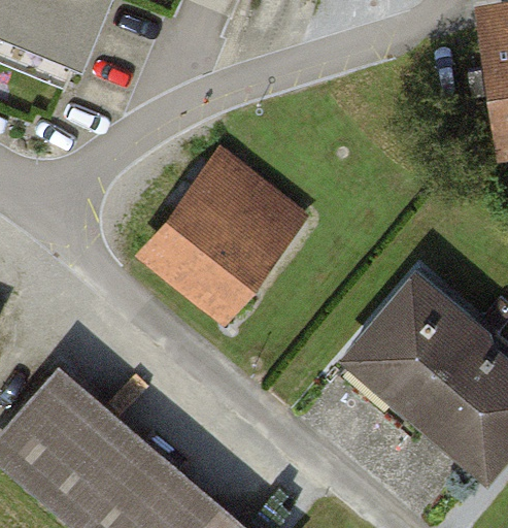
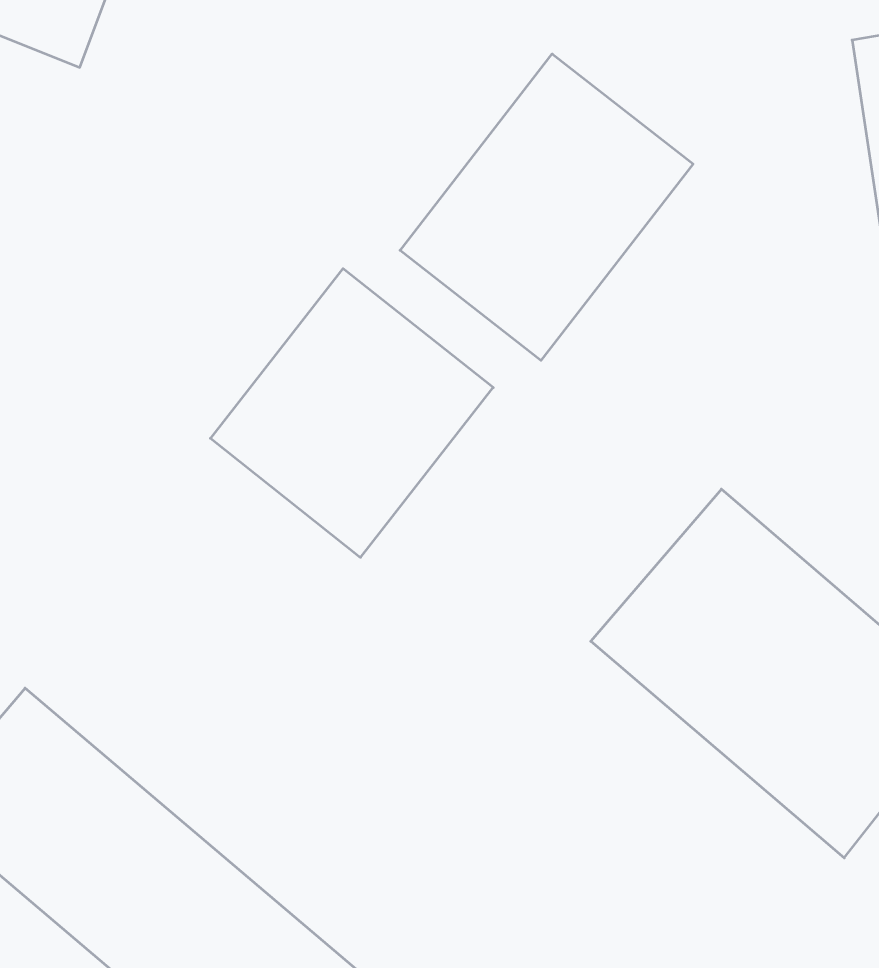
building: none -> [400,54,693,360]

